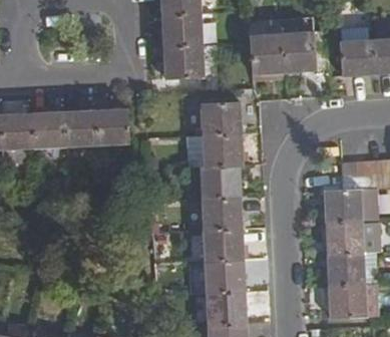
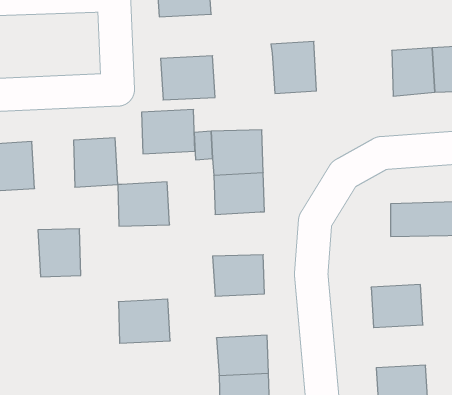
building: [161,13,203,47] -> [142,110,195,154]
building: [281,32,317,72] -> none
building: [63,110,96,147] -> [38,229,81,277]
building: [202,165,242,200] -> [118,182,170,226]
building: [323,189,363,224] -> none
building: [205,229,245,263] -> [118,299,170,343]
building: [327,253,367,286] -> none

